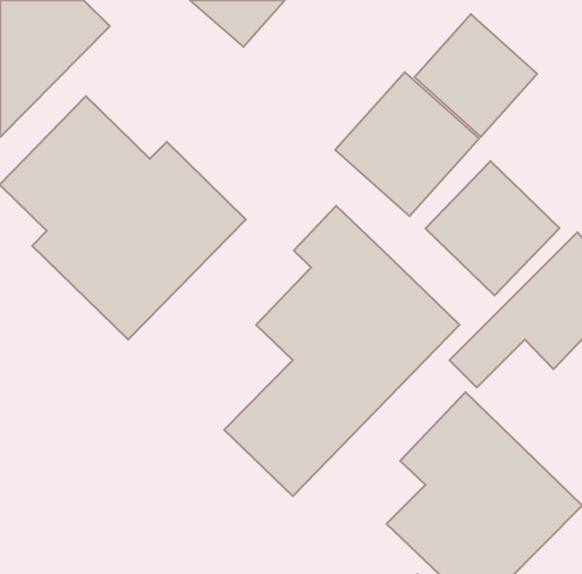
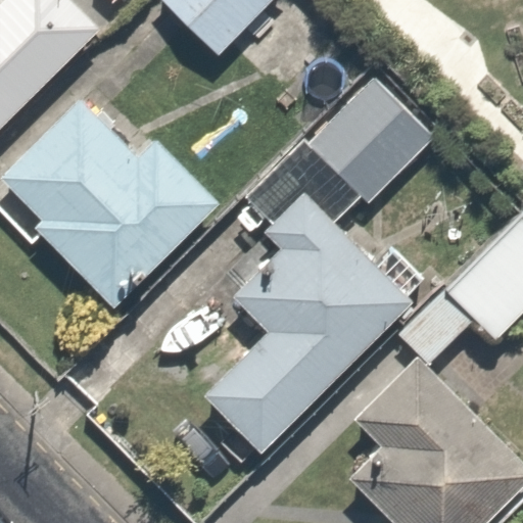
building: [414,14,537,137] -> none
building: [425,161,559,295] -> none

